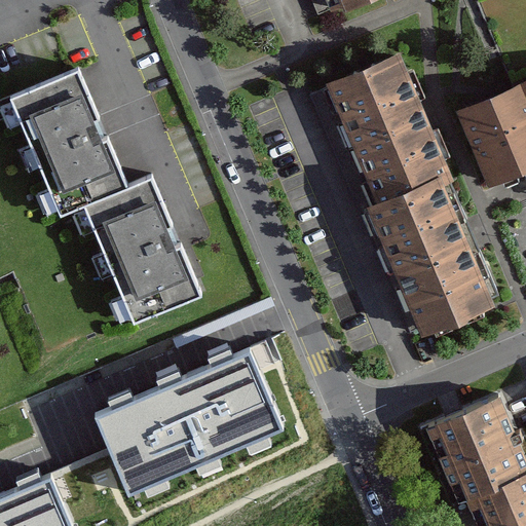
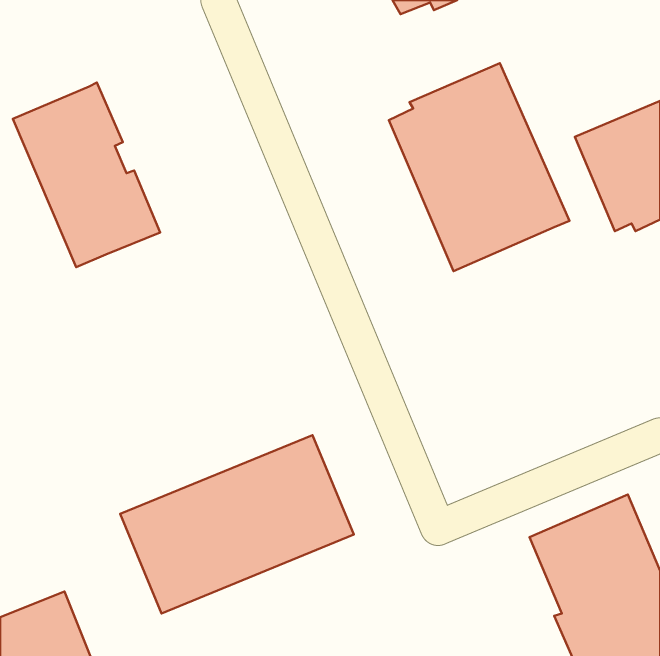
building: [84,179,200,322] -> none
building: [361,184,493,334] -> none

